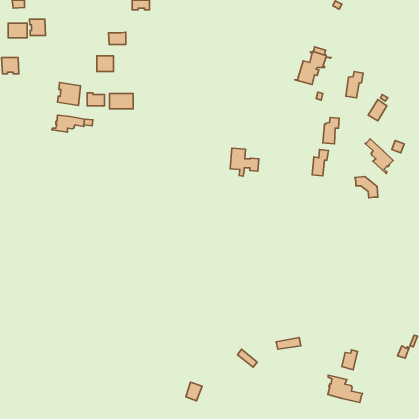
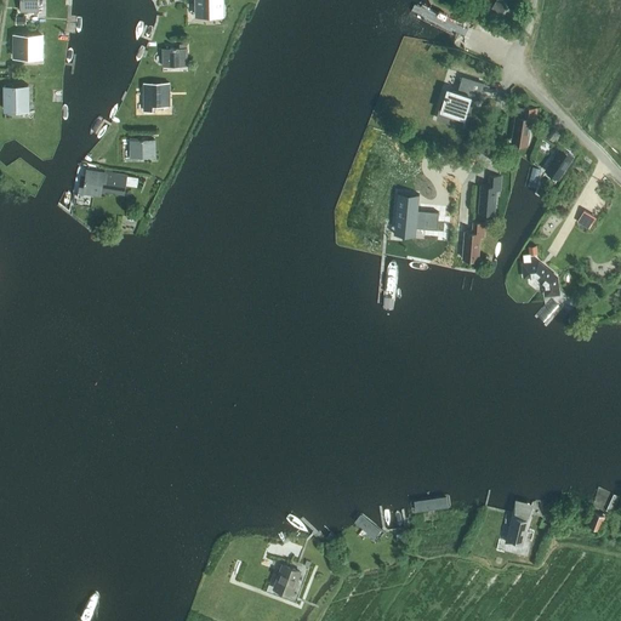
building: [30,19,46,35] -> none
building: [58,82,81,105] -> none
building: [110,93,133,109] -> none
building: [365,139,393,174] -> none
building: [230,148,259,176] -> [394,196,437,238]
building: [328,375,362,402] -> none

